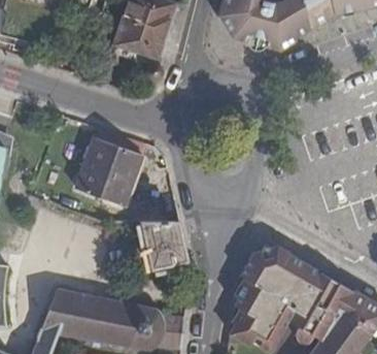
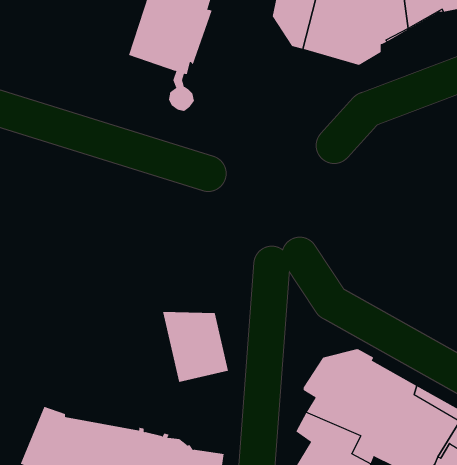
building: [73,137,139,204] -> none

